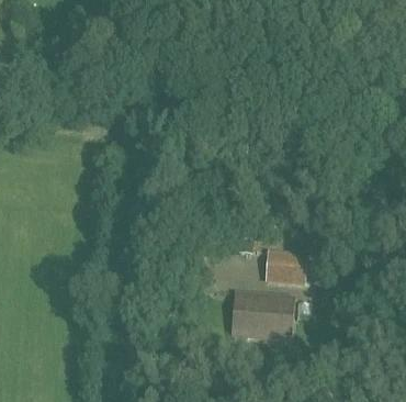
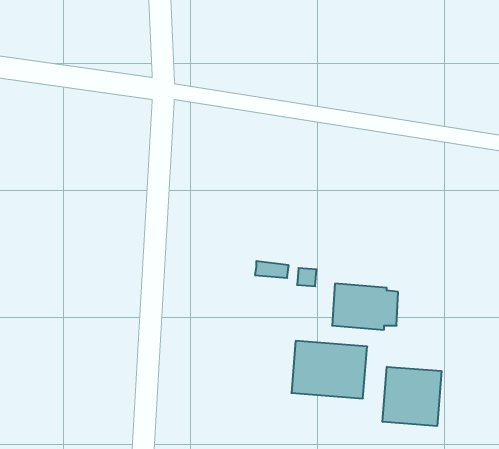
building: none -> [383,367,441,426]

